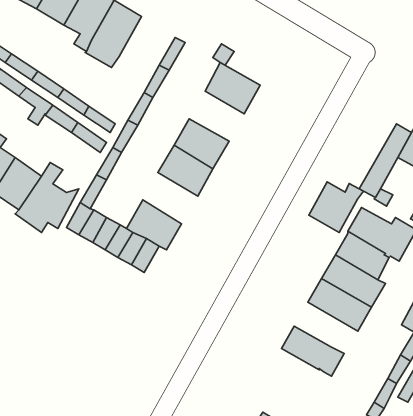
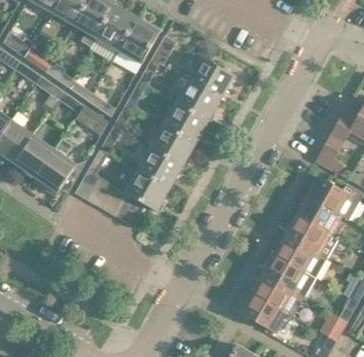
building: none -> [118,19,159,64]
building: none -> [176,80,221,121]
building: none -> [138,147,183,189]
building: [309,182,364,233] -> none
building: none -> [262,254,315,296]
building: none -> [241,292,287,332]

